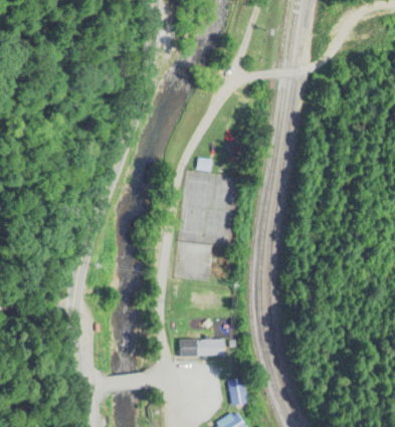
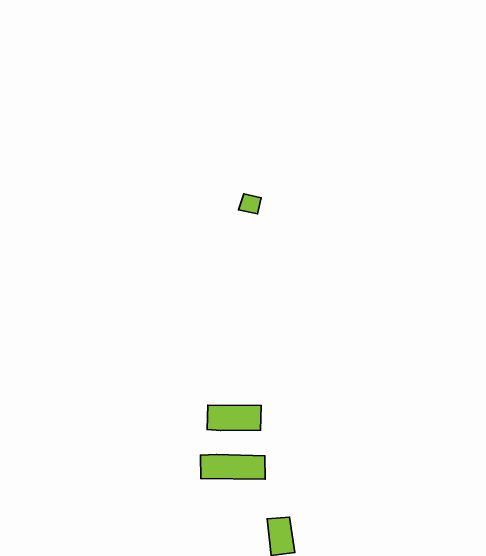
building: none -> [207,405,261,430]

